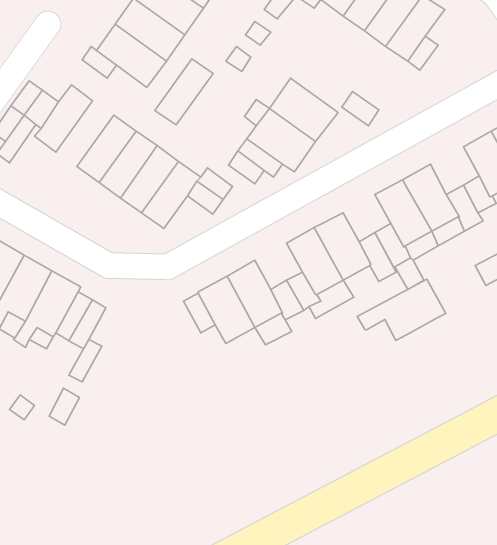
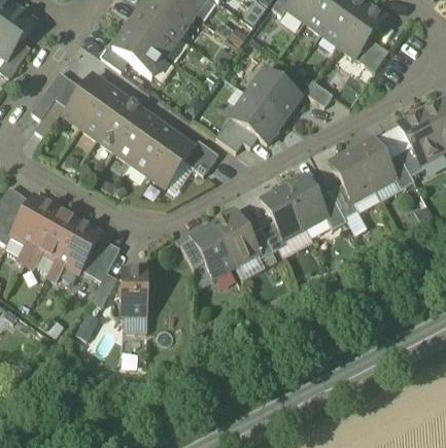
building: [155,59,213,125] -> [80,87,126,138]
building: [357,279,446,341] -> none
building: none -> [119,267,147,331]

